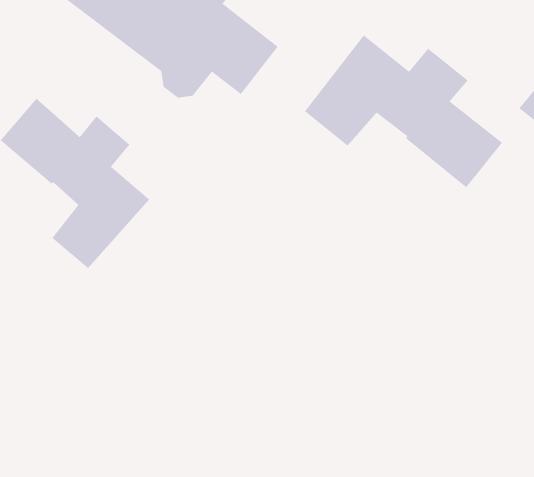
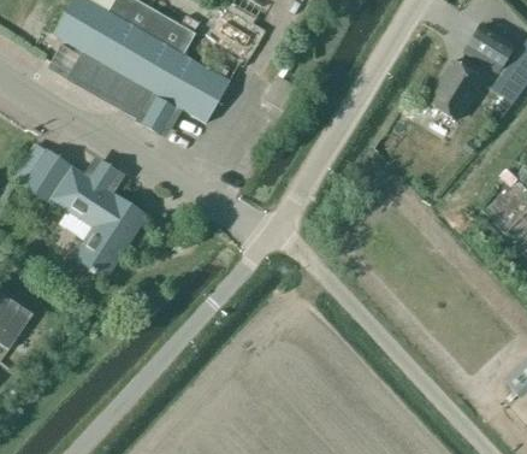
building: [304,35,503,188] -> none

